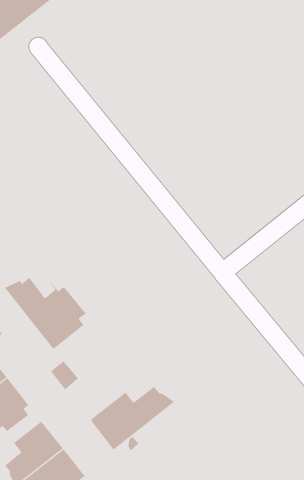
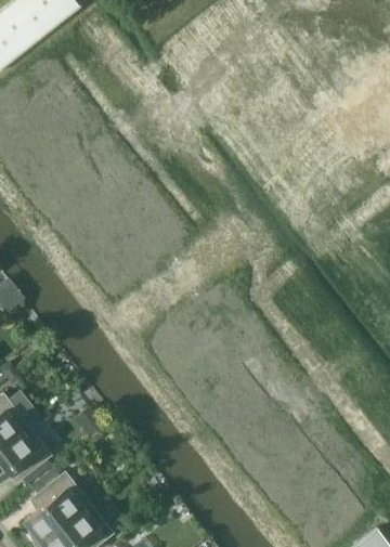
building: [4,277,87,350] -> none
building: [87,386,175,451] -> none

